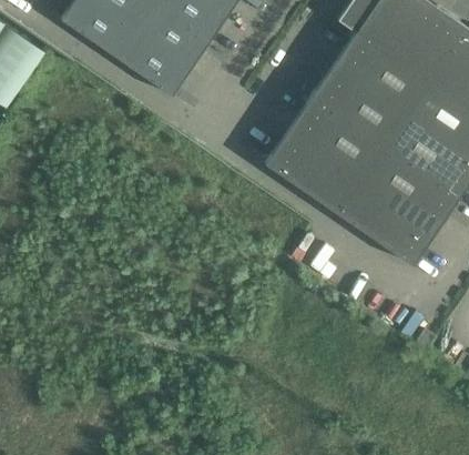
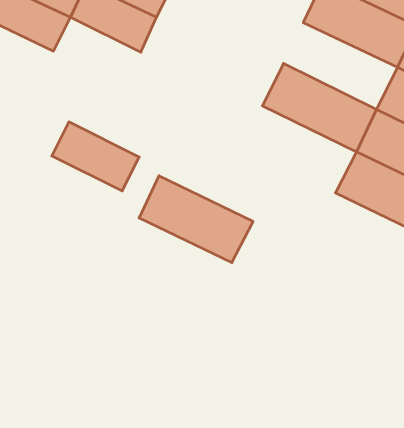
building: [116,29,191,94] -> [52,122,139,191]
building: [310,63,407,146] -> none
building: [265,129,361,212] -> [139,176,253,263]

